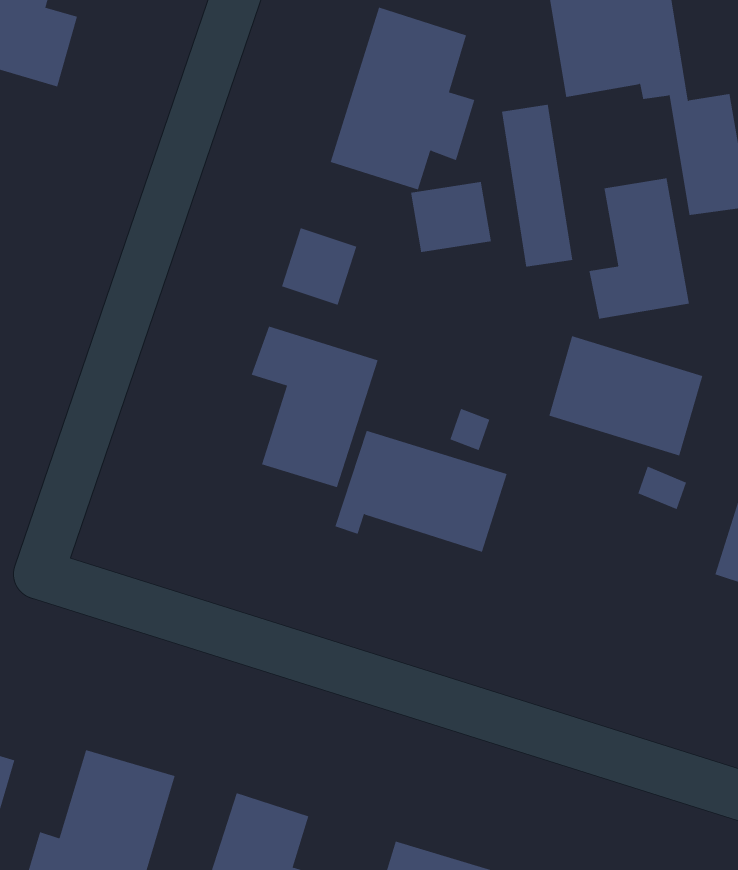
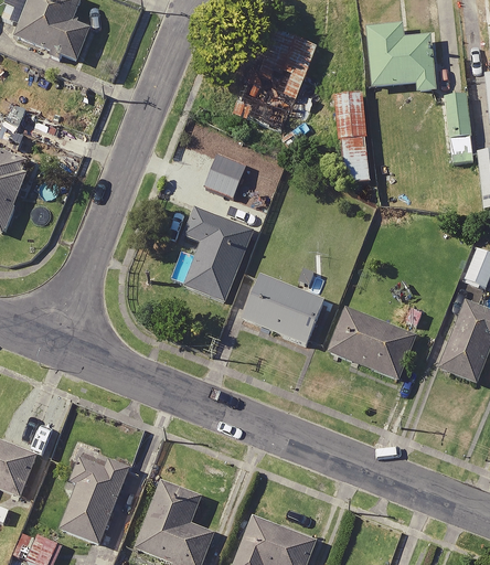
building: [589,178,689,320] -> none
building: [411,181,492,253] -> none
building: [548,335,703,456] -> [327,308,417,382]

